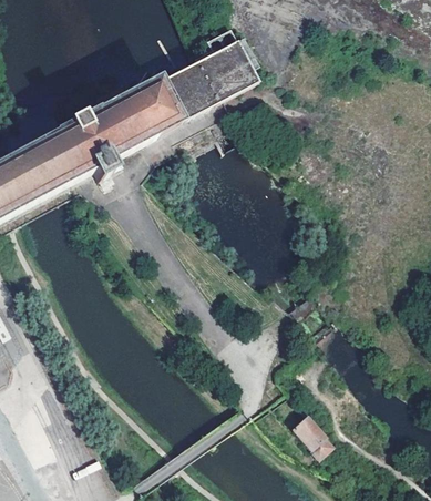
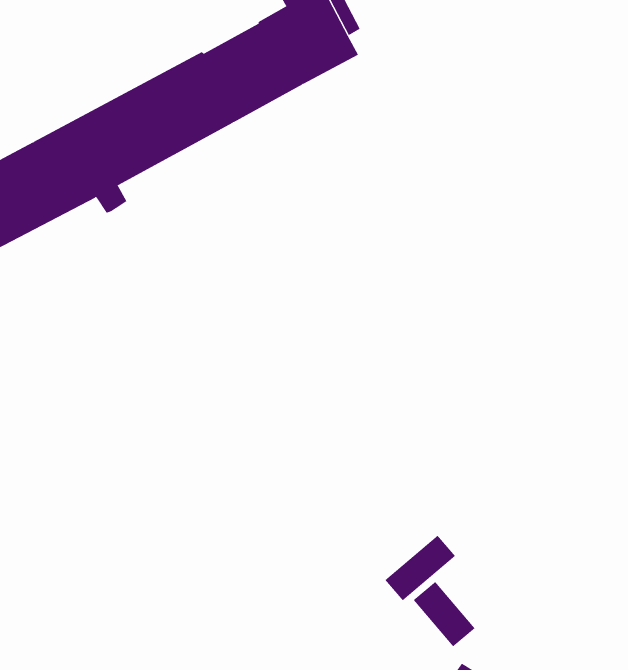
building: none -> [384,535,456,601]

